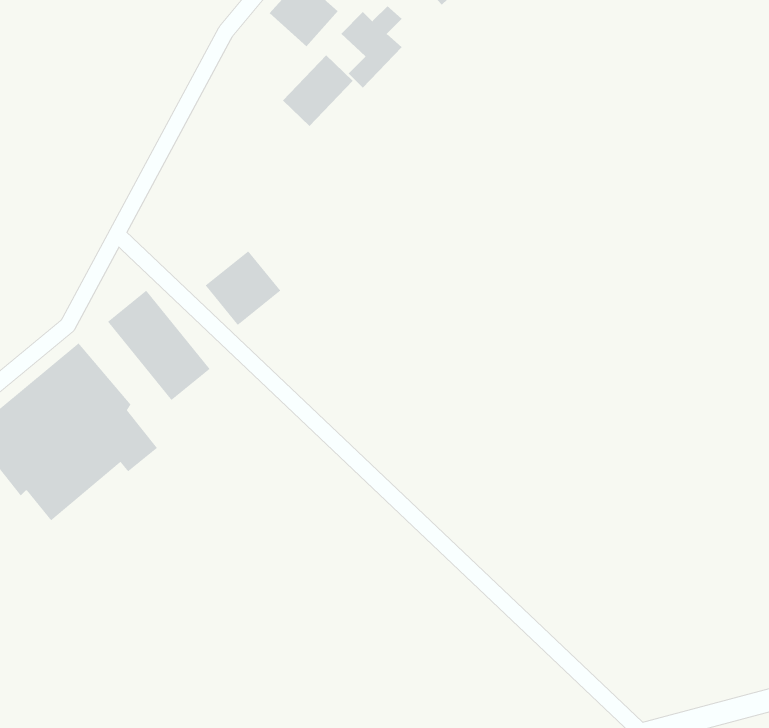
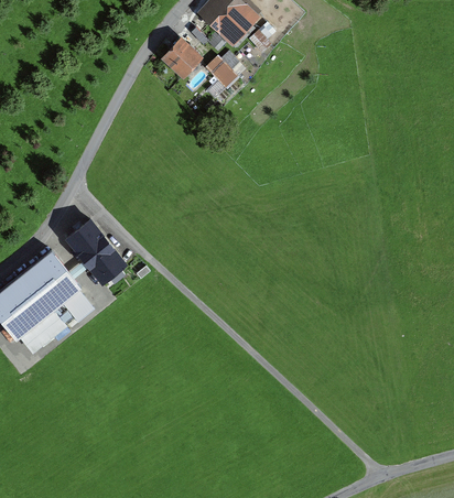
building: [282,54,353,127] -> none
building: [205,250,281,326] -> none

